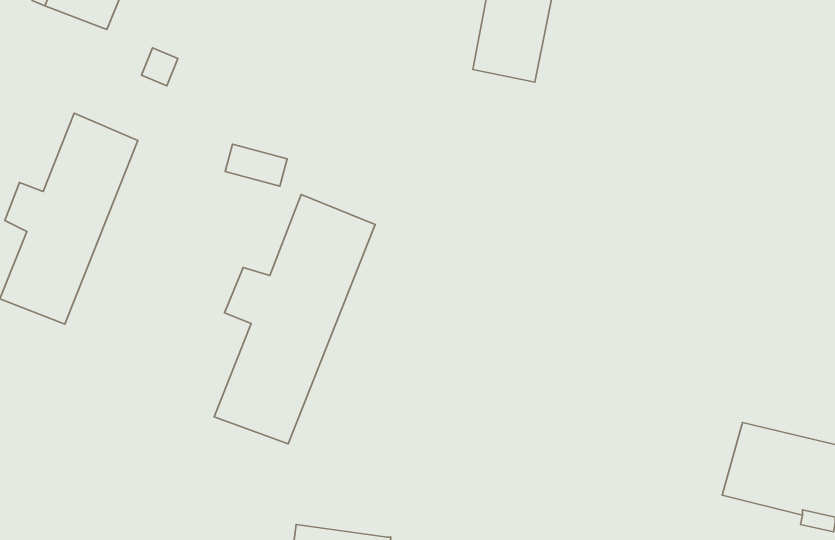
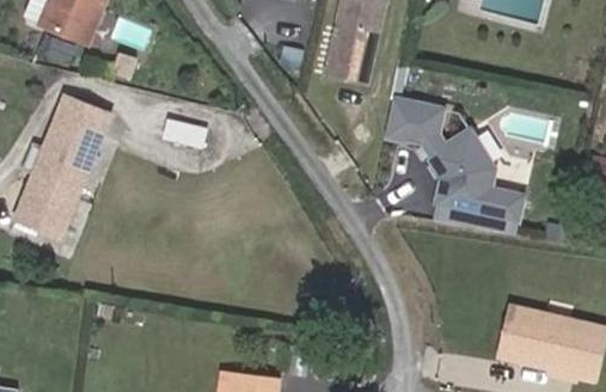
building: none -> [382,102,524,221]
building: [214,195,375,444] -> none

